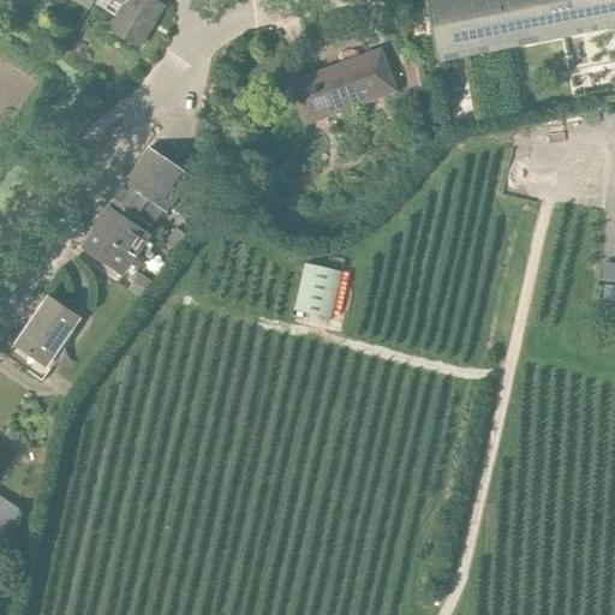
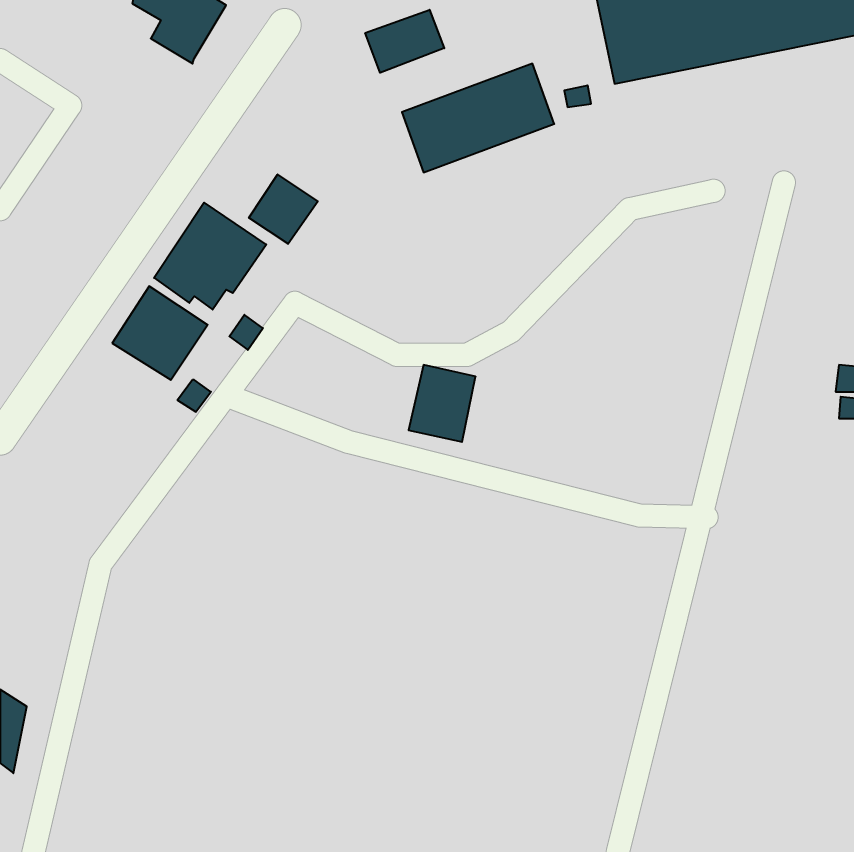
building: none -> [365,10,444,73]
building: none -> [249,174,318,244]
building: [16,295,79,364] -> none

